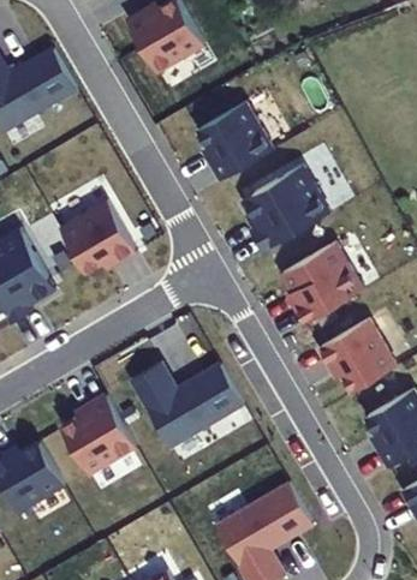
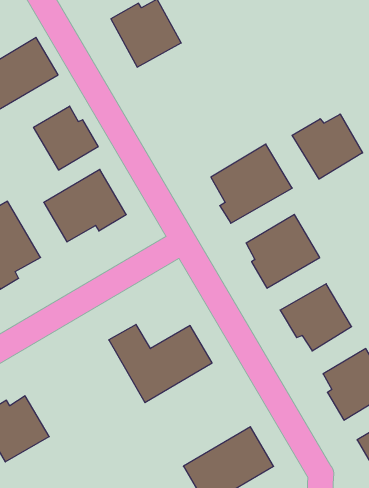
building: [196,104,272,181] -> none
building: none -> [34,106,98,170]
building: none -> [292,114,363,179]
building: [59,395,137,476] -> none

